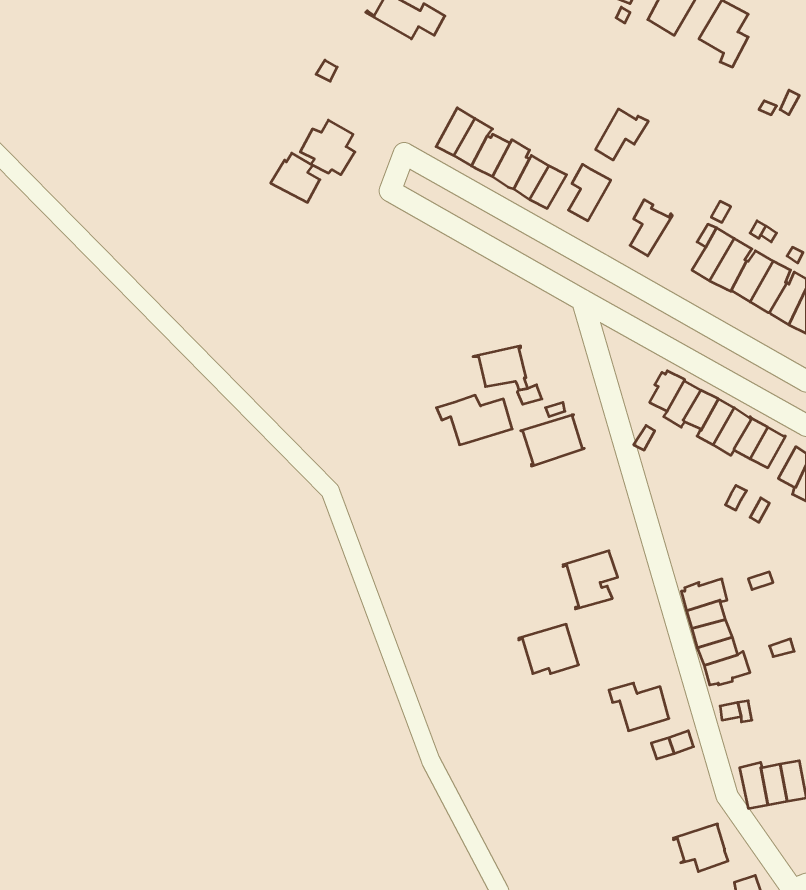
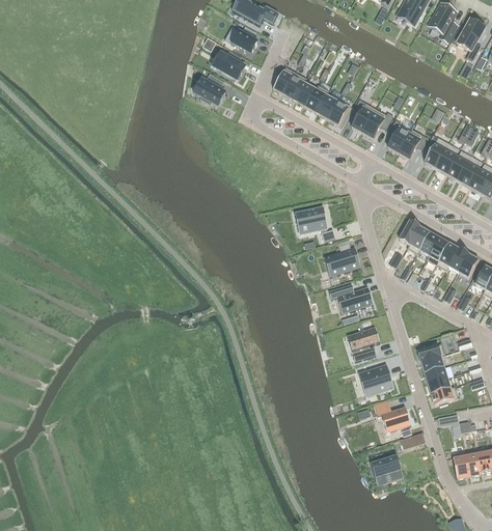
building: none -> [457,19,484,61]
building: none -> [224,26,257,54]
building: [596,109,648,160] -> [362,109,393,139]
building: [271,153,320,202] -> [216,51,245,80]
building: none -> [398,130,428,160]
building: [436,395,512,445] -> [328,284,373,313]
building: [519,624,579,674] -> [358,364,393,393]
building: [673,824,728,872] -> [371,455,403,483]

